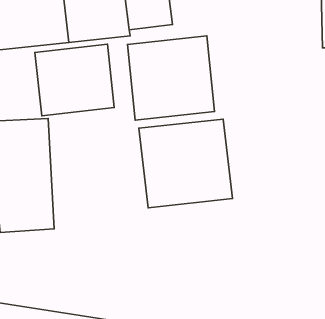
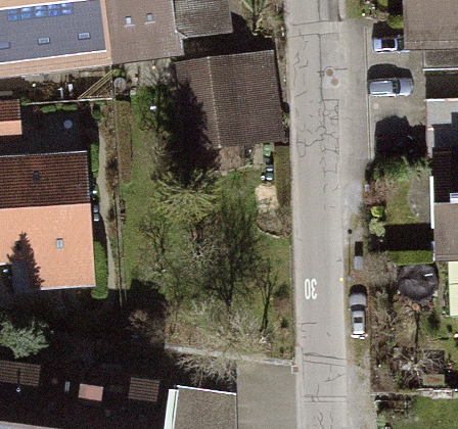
building: [35,44,114,116] -> none
building: [139,119,232,208] -> none

